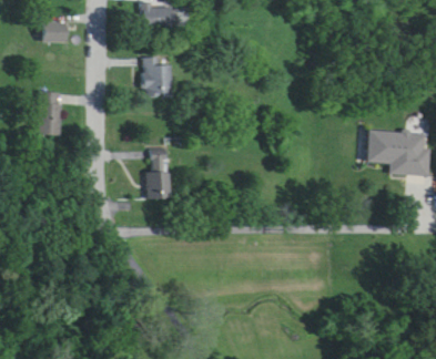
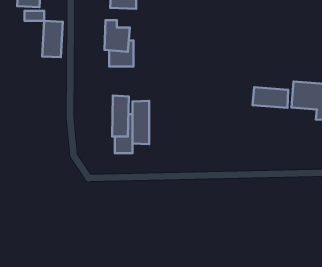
building: [37,90,61,133] -> [42,21,63,57]
building: none -> [253,87,288,108]
building: none -> [133,101,149,144]

